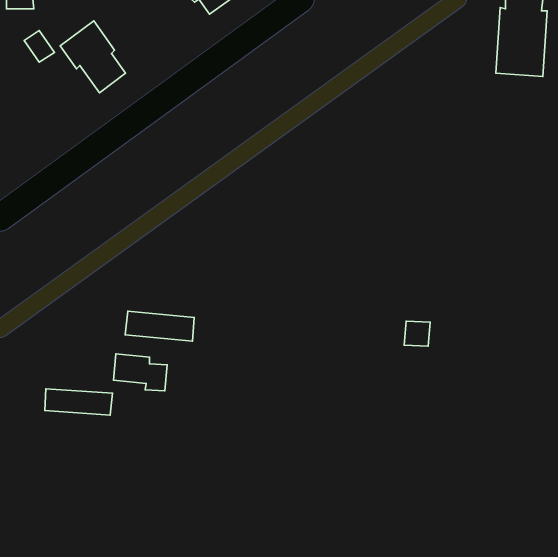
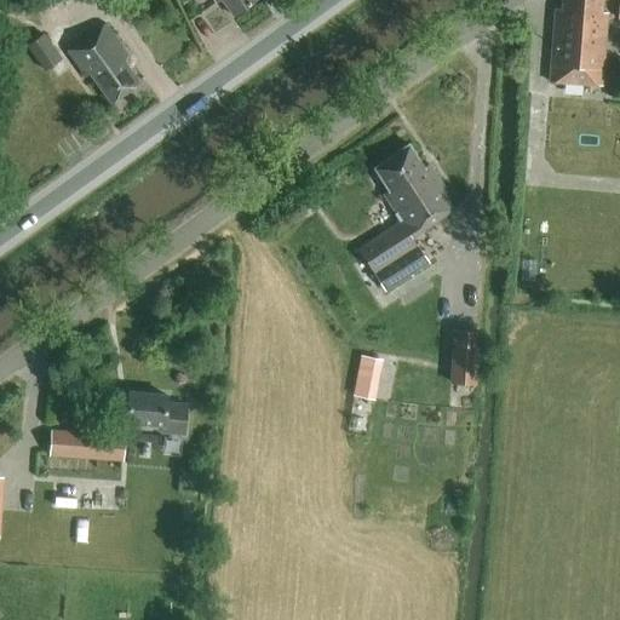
building: none -> [358,145,457,289]
building: [125,311,194,341] -> none
building: none -> [354,352,383,396]

